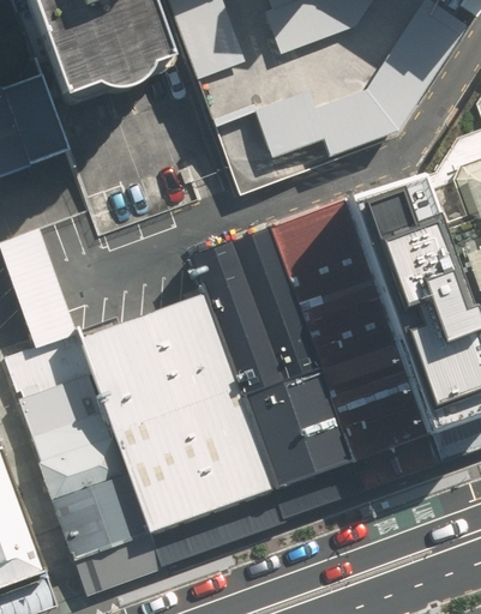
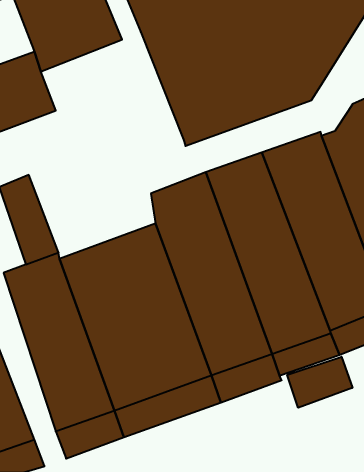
building: none -> [287,357,352,408]

